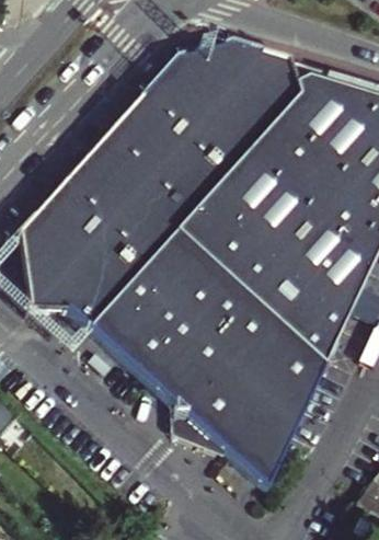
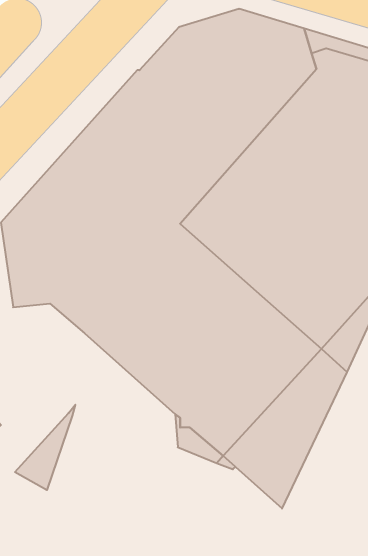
building: none -> [15,405,75,490]

